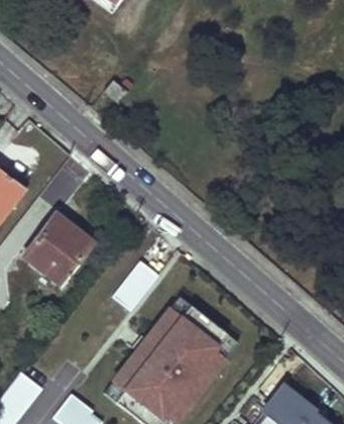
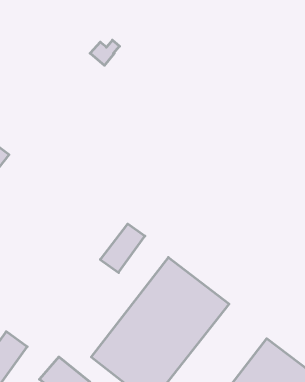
building: [23,215,92,286] -> none

